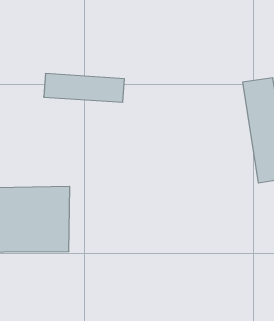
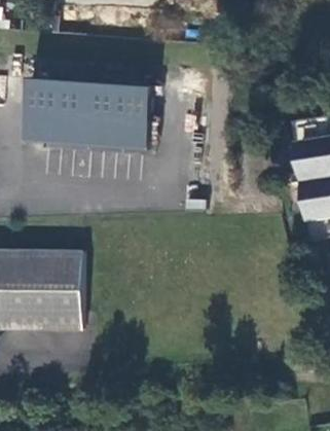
building: none -> [23,76,150,140]

